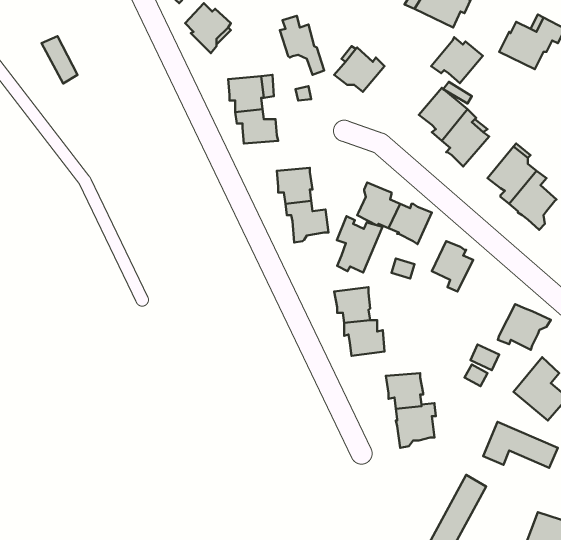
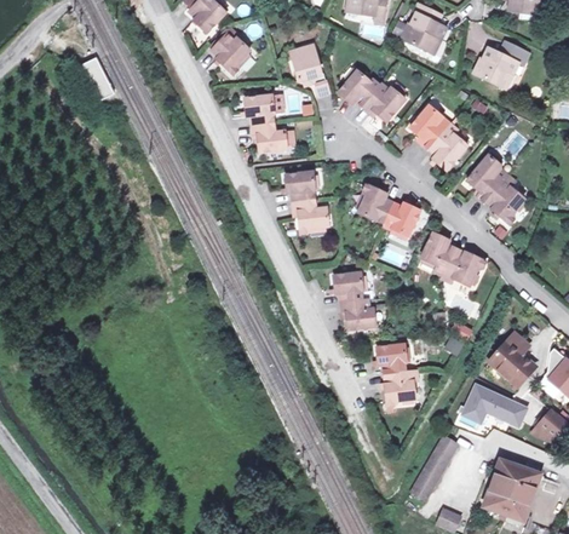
building: [431,37,483,83] -> [360,84,403,122]
building: [337,216,382,273] -> none
building: [498,304,551,350] -> [438,249,483,288]

